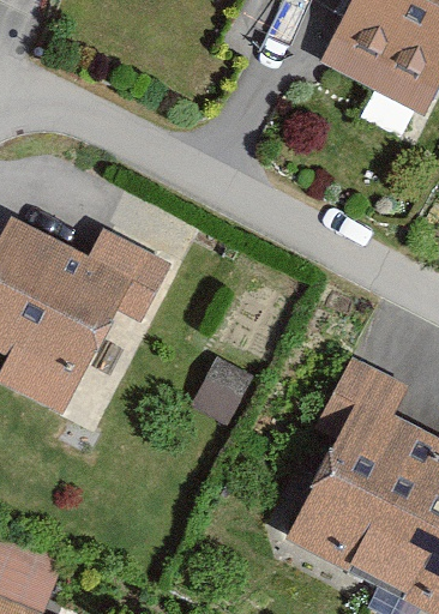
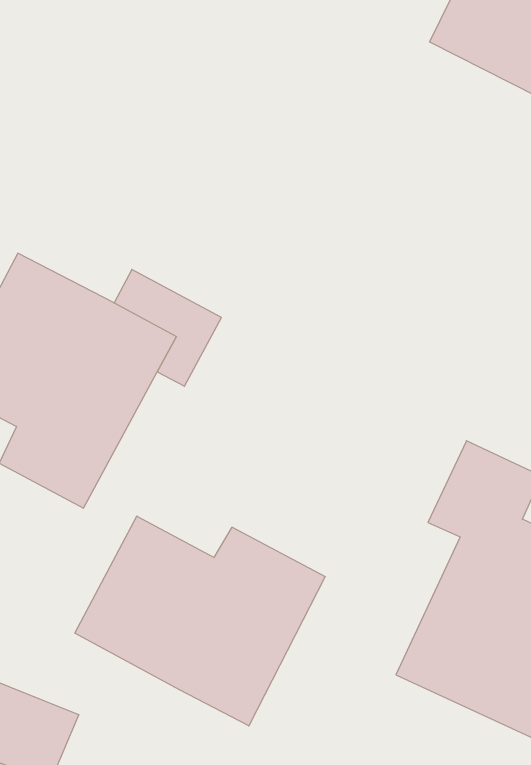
building: none -> [75,516,325,726]

